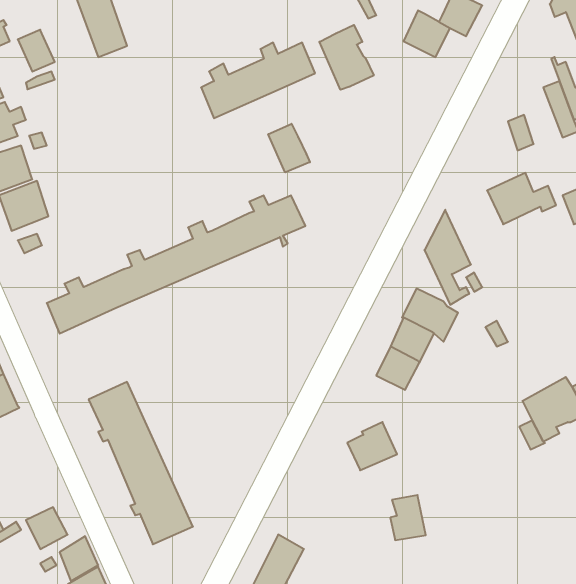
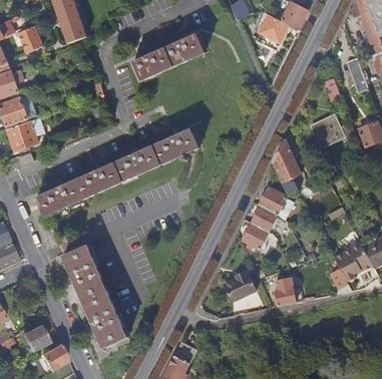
building: [319,25,374,90] -> none
building: [268,124,310,172] -> none
building: [390,495,426,540] -> [274,278,296,306]

